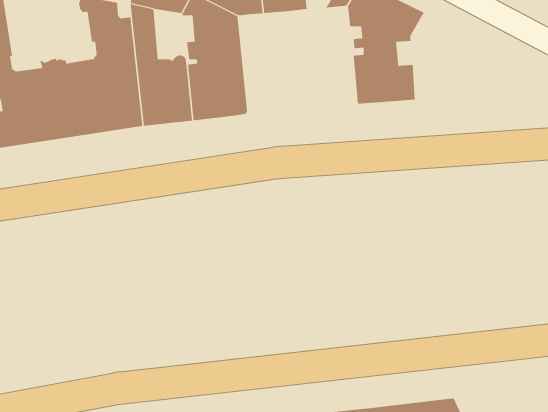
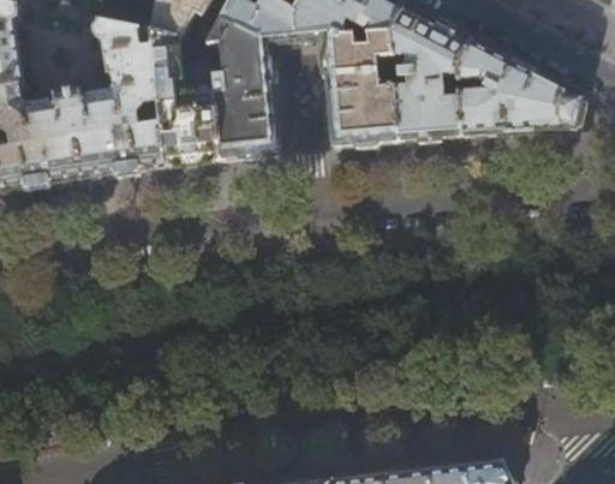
building: none -> [320,31,395,143]
building: none -> [454,38,579,133]

